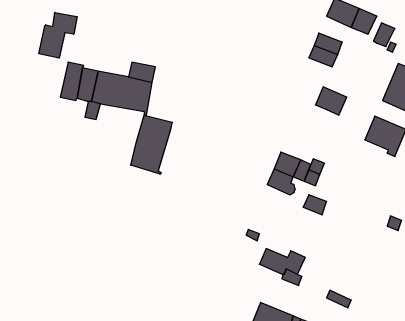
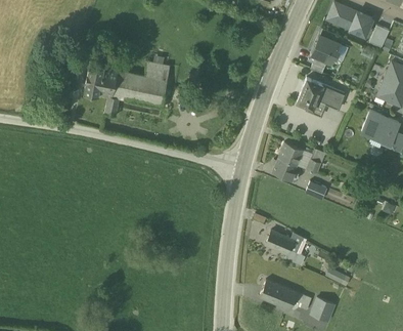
building: [39,12,77,58] -> none
building: none -> [297,77,326,115]
building: [131,115,172,174] -> none

